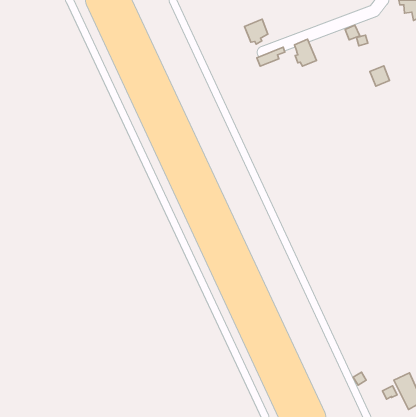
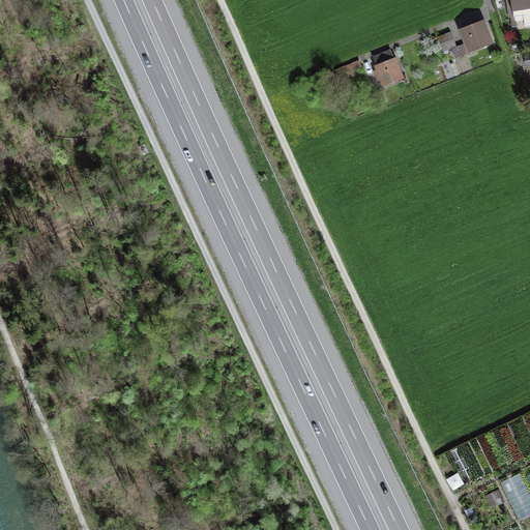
building: [244,19,268,44] -> none
building: [370,66,390,86] -> [465,23,490,49]

